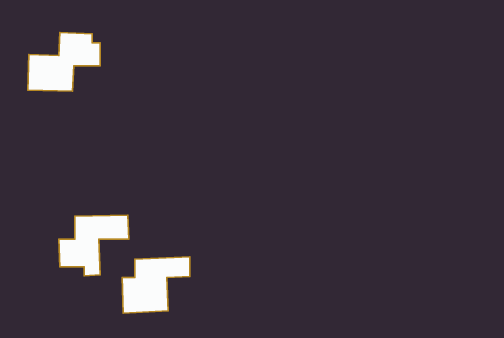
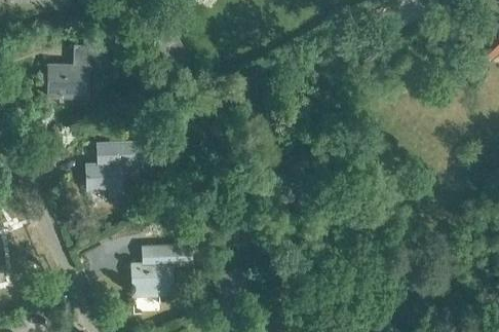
building: [59,215,129,276] -> [84,142,147,196]

